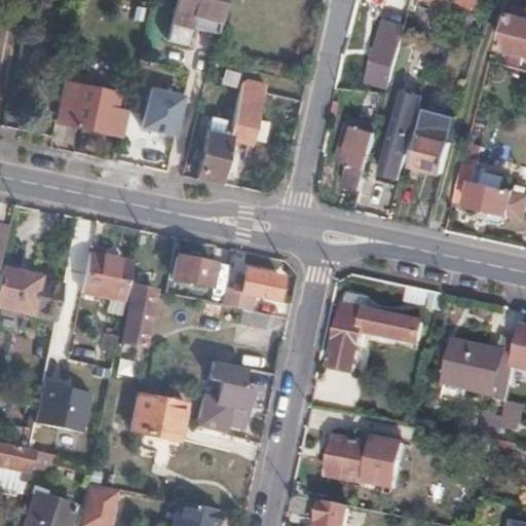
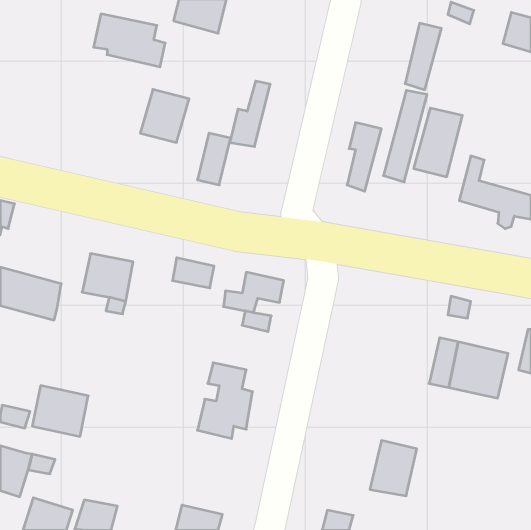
building: [369,18,405,84] -> [405,23,441,90]
building: [55,82,126,135] -> [94,14,165,67]
building: [122,284,156,345] -> none
building: [329,304,415,372] -> none
building: [130,393,186,455] -> none
building: [328,437,375,484] -> none

